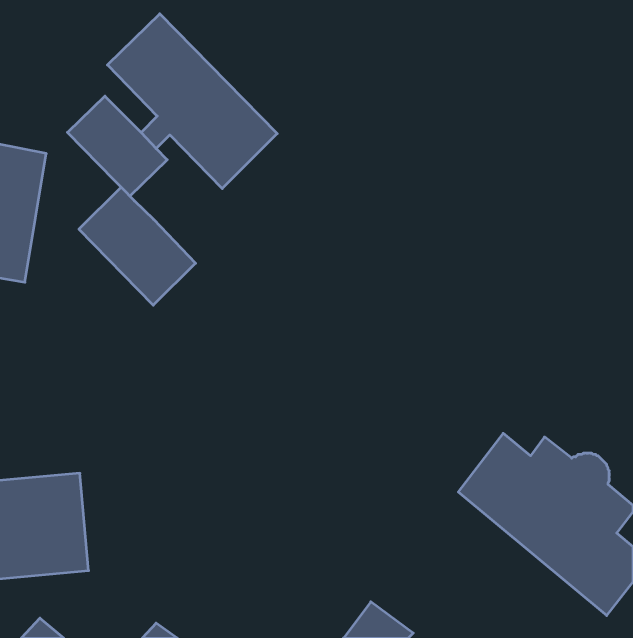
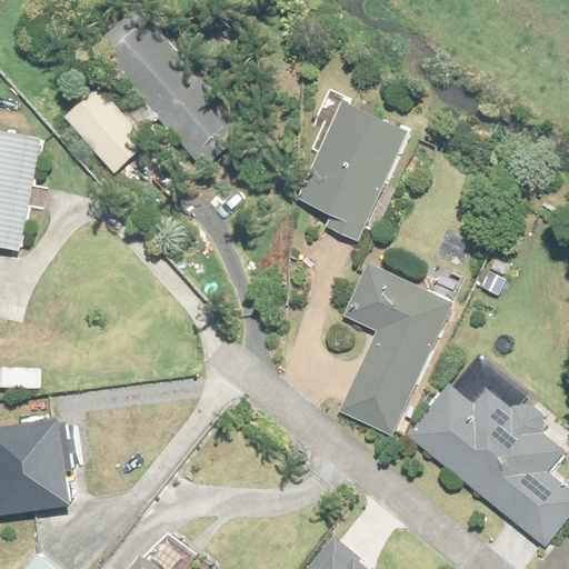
building: none -> [292,96,411,244]
building: [79,187,196,305] -> none
building: none -> [339,261,453,433]

